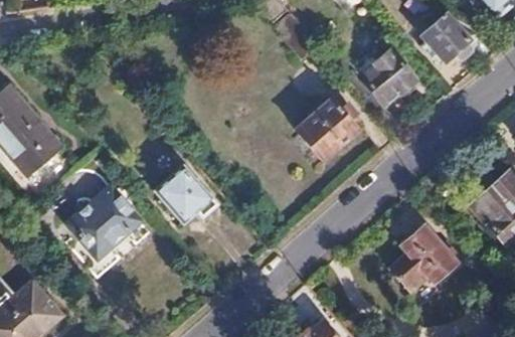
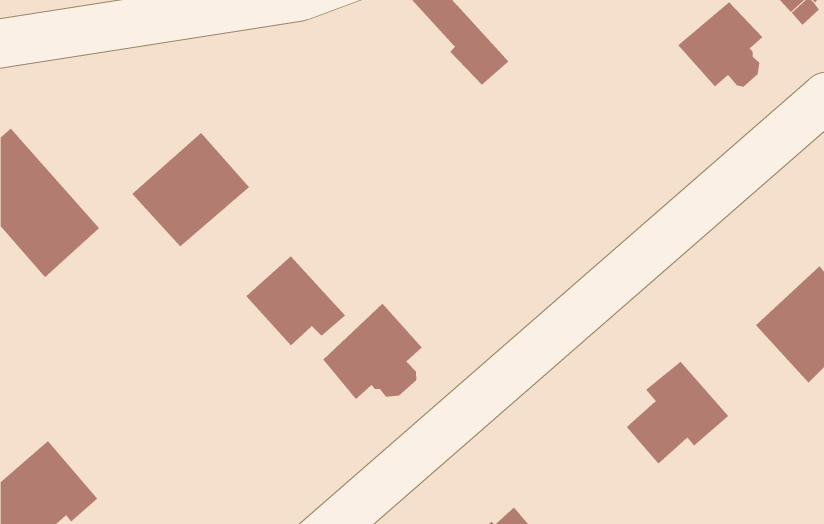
building: [352,47,416,110] -> none
building: [296,98,359,160] -> none
building: [67,185,141,257] -> [132,132,250,247]
building: none -> [322,303,423,400]

